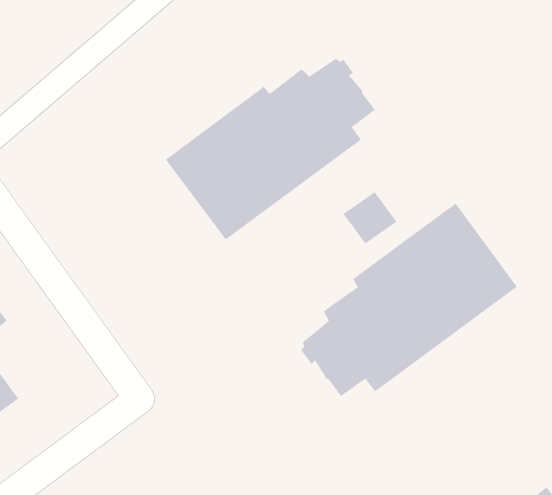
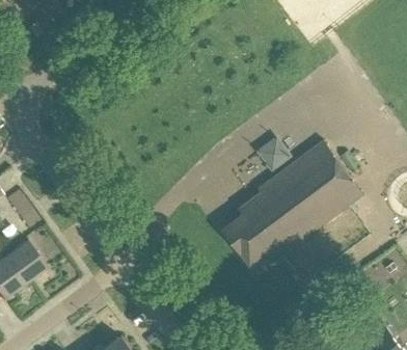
building: [165,58,376,241] -> none

